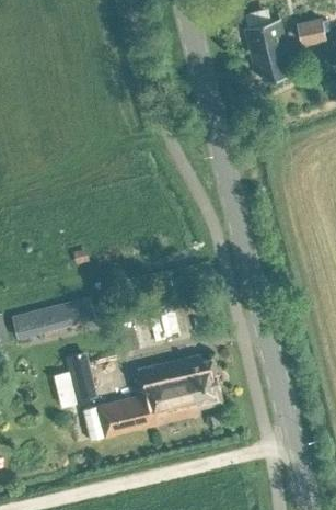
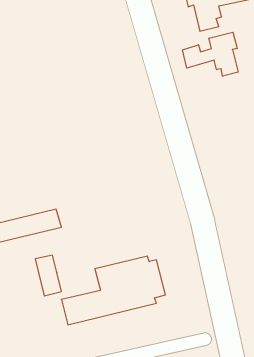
building: none -> [182,32,238,76]

